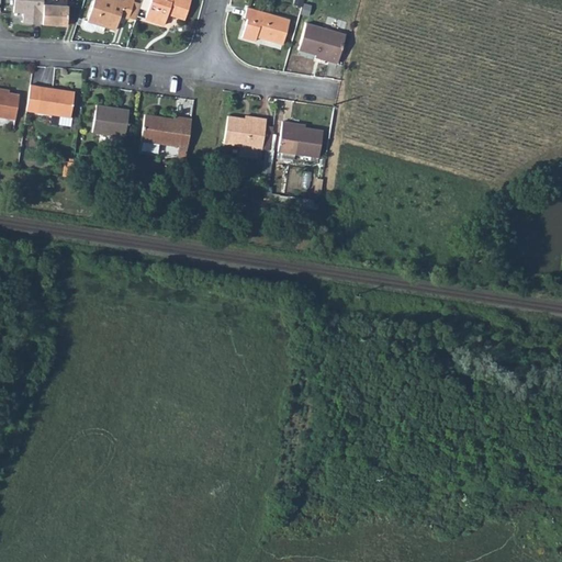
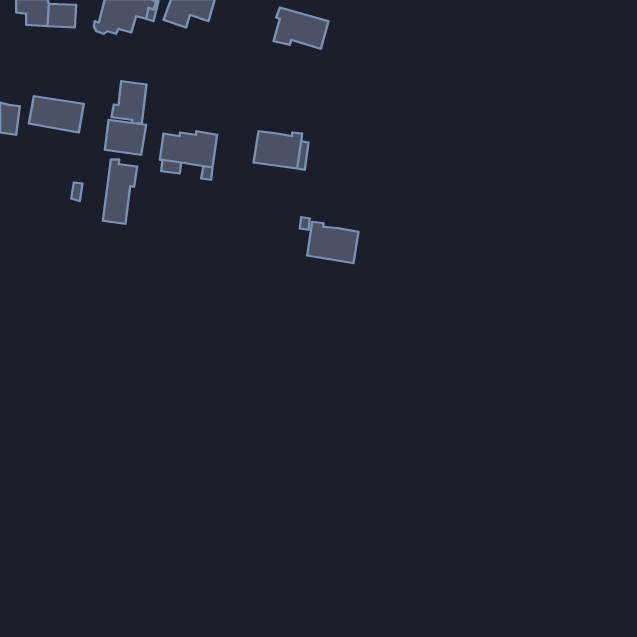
building: [299,23,346,64] -> none
building: none -> [111,81,146,124]
building: [278,121,323,157] -> [307,222,358,263]
building: none -> [103,159,137,224]

